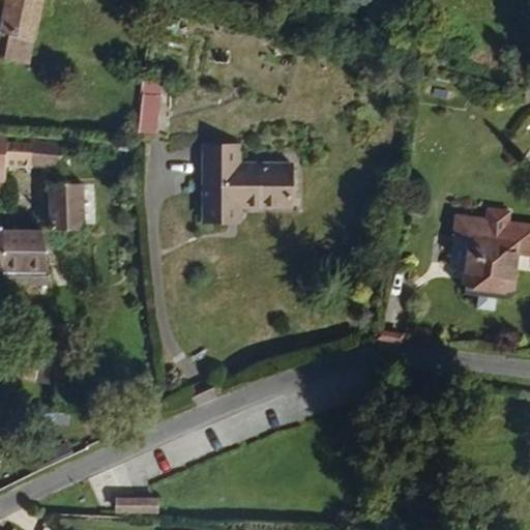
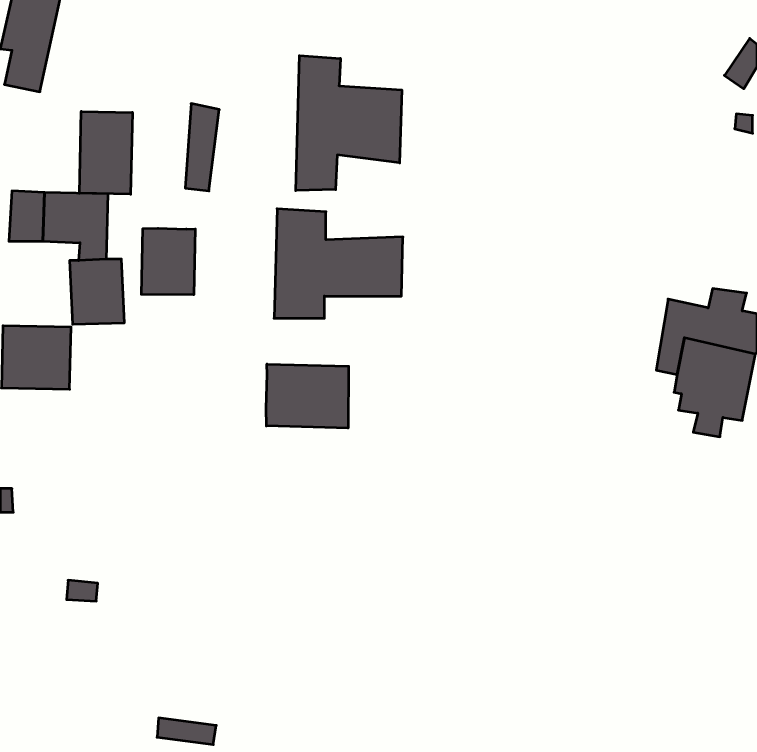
building: none -> [296,56,402,191]
building: none -> [79,111,132,194]
building: none -> [141,228,195,295]
building: none -> [266,364,349,428]

